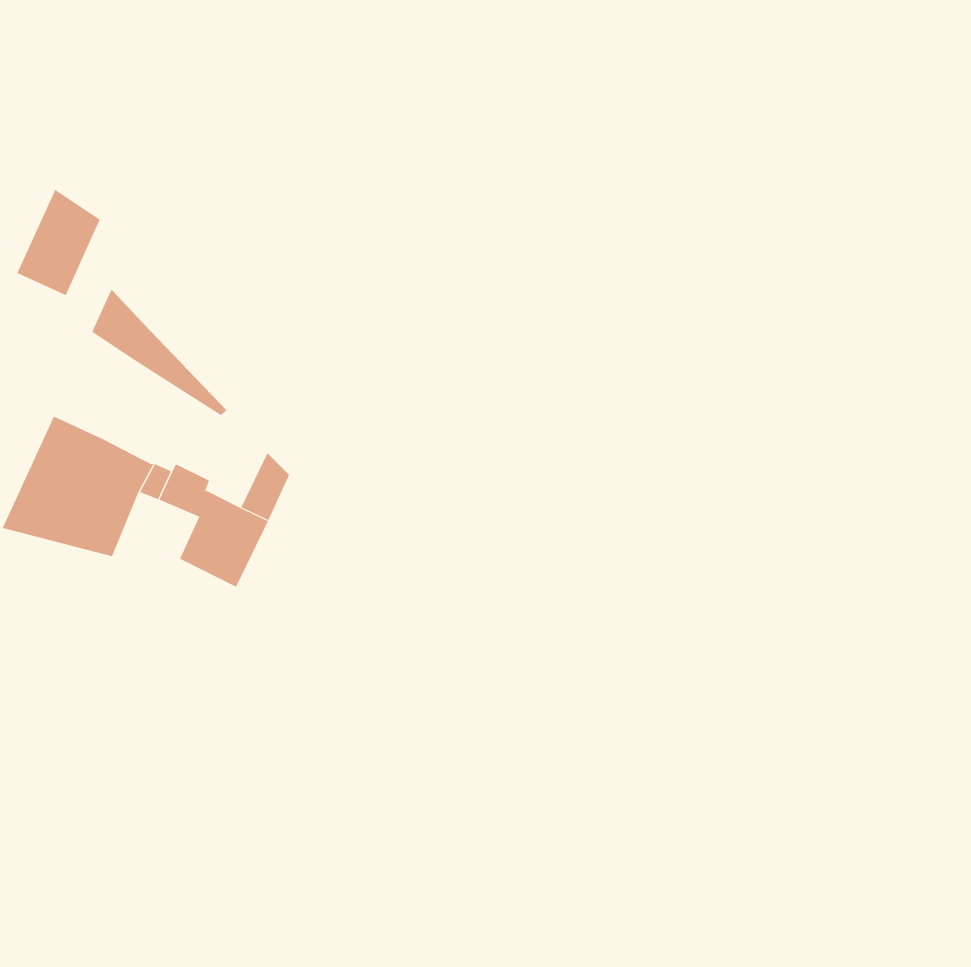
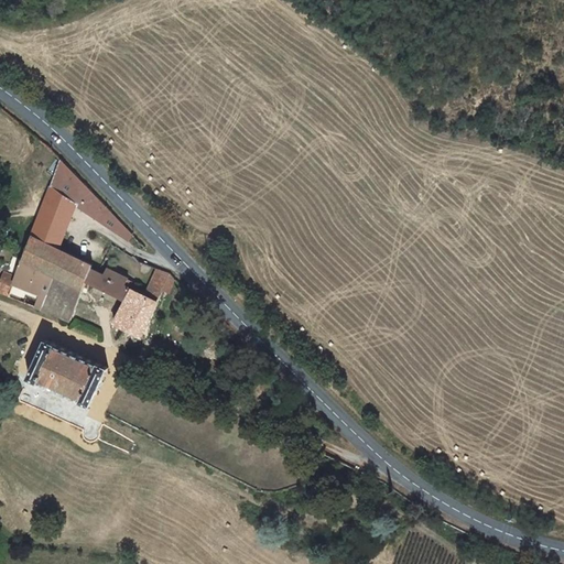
building: [17,189,101,296] -> [31,192,79,253]
building: none -> [19,333,99,398]

